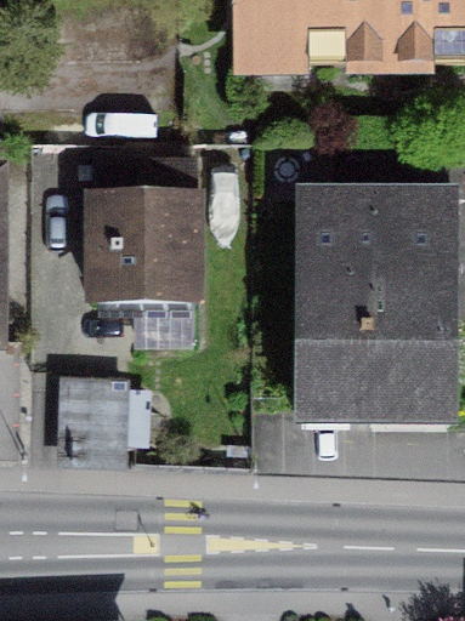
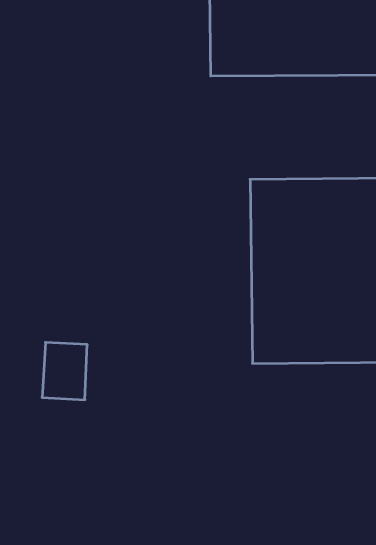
building: [91,192,197,292] -> none

